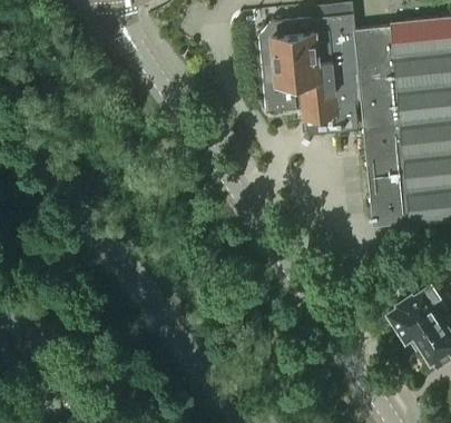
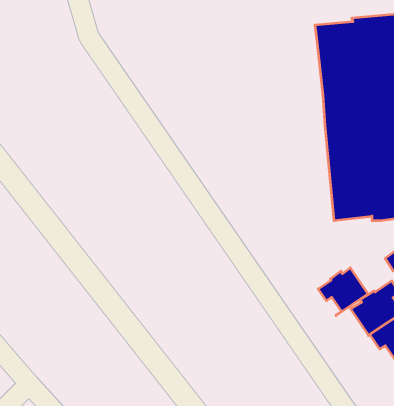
building: [261,13,362,134] -> none
building: none -> [318,268,368,316]

